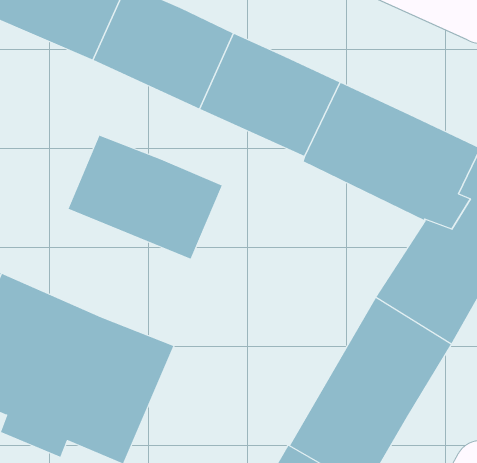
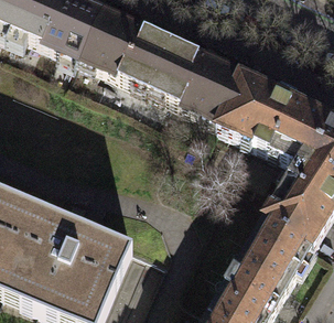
building: [68,135,222,259] -> none

